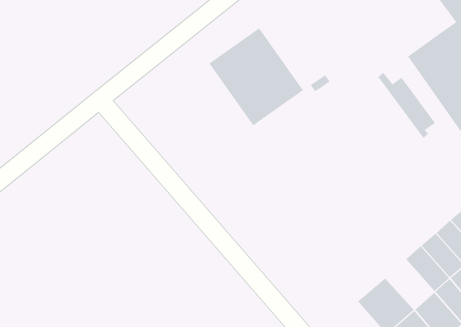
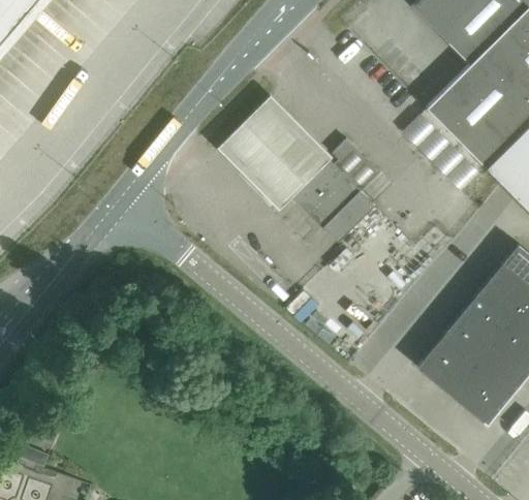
building: none -> [291,158,375,242]
building: none -> [442,314,495,365]

